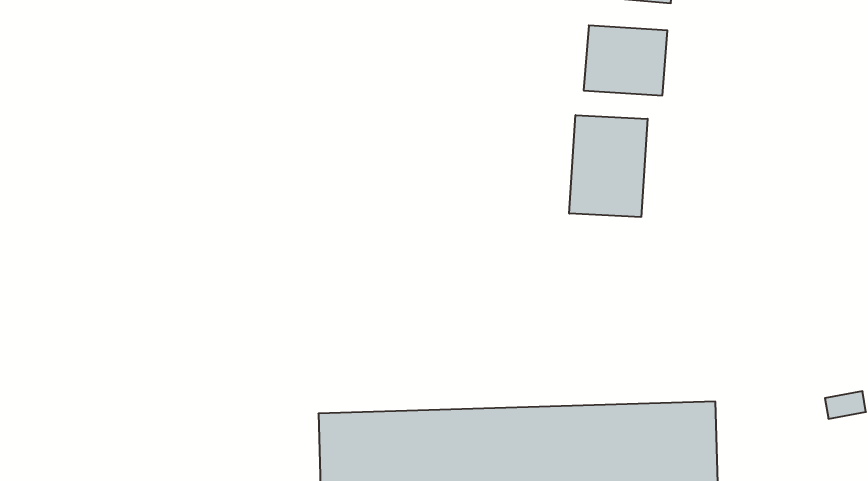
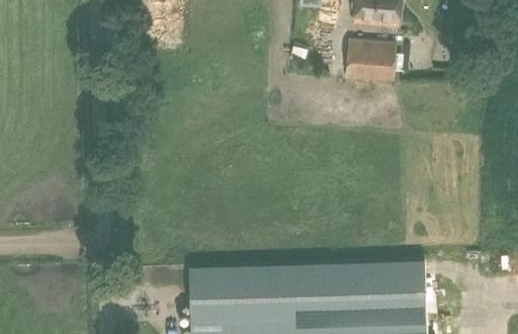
building: [569,115,648,217] -> none

